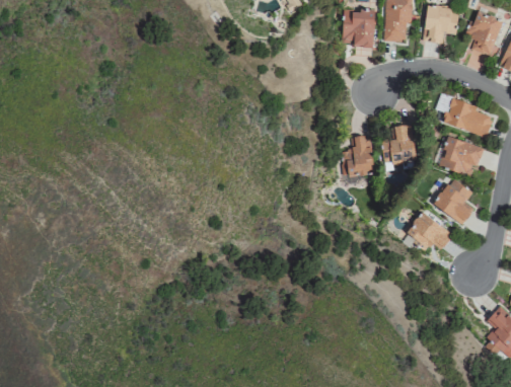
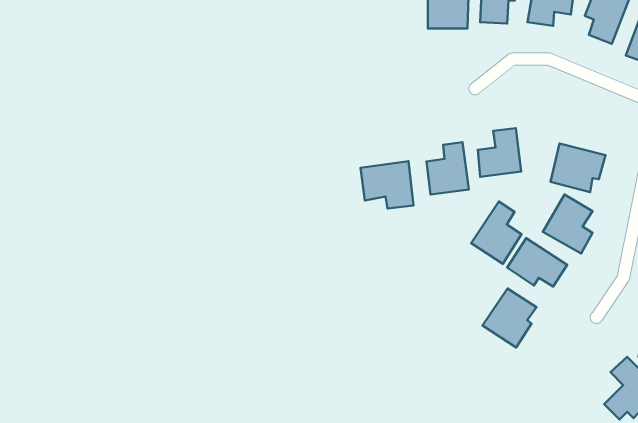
building: [436,97,494,137] -> none
building: none -> [360,161,414,209]
building: none -> [471,201,521,264]
building: none -> [483,289,537,348]

